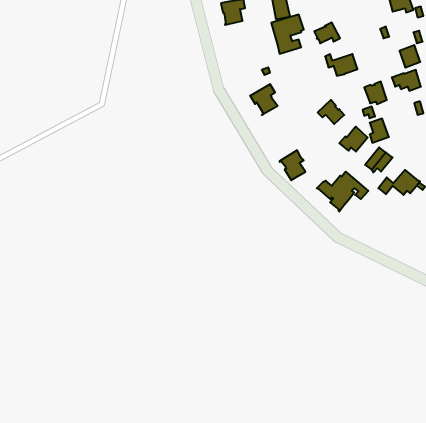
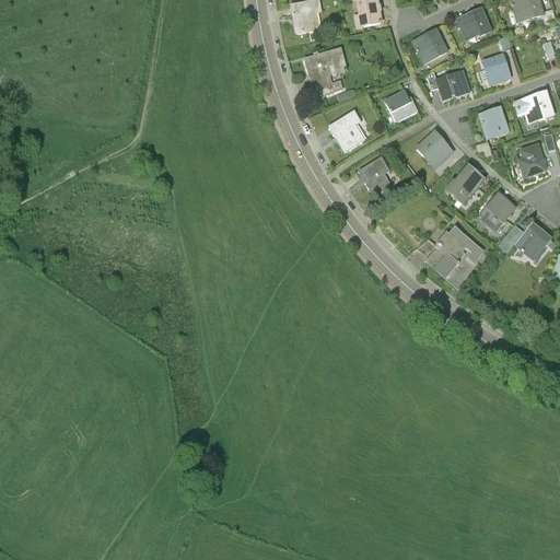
building: none -> [457,9,490,35]
building: [271,15,304,54] -> [304,47,347,98]
building: [399,45,420,68] -> [482,55,510,84]
building: none -> [385,90,418,121]
building: [370,119,389,143] -> [521,144,546,176]
building: [280,150,305,180] -> [358,156,392,196]

